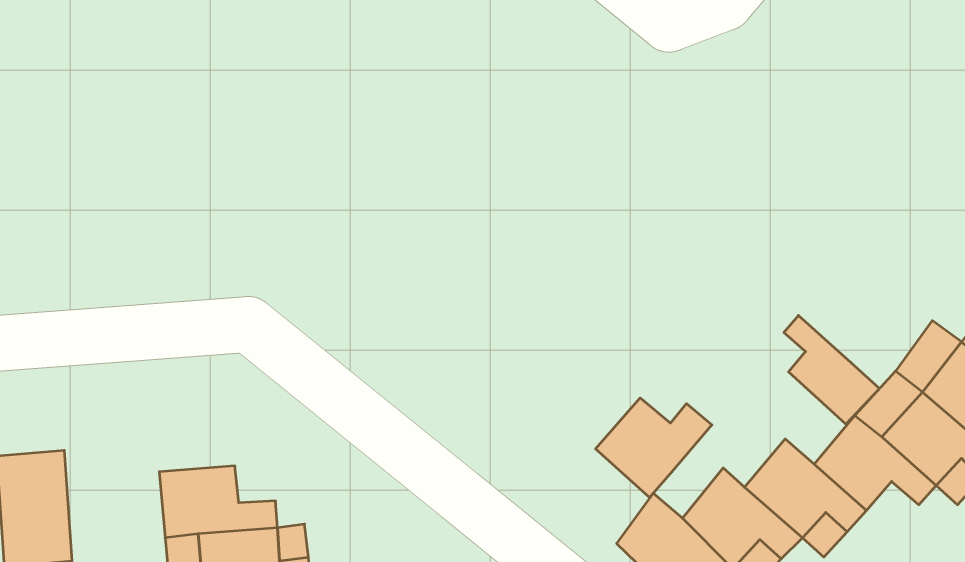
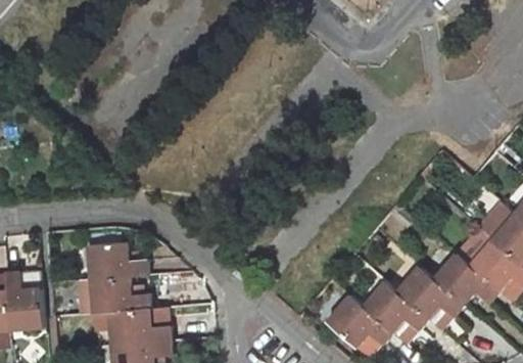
building: [784,315,879,424] -> none
building: none -> [86,242,148,282]
building: [596,398,712,497] -> none

